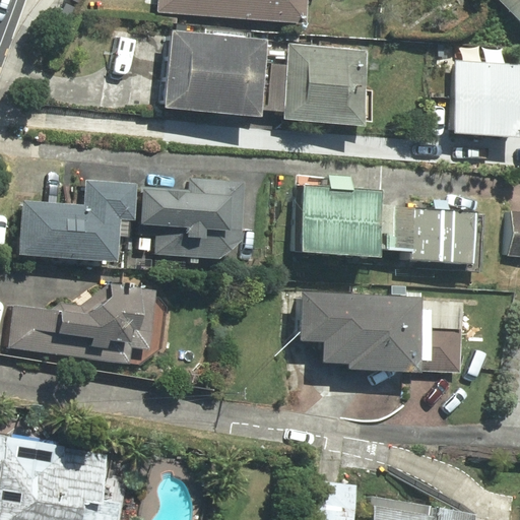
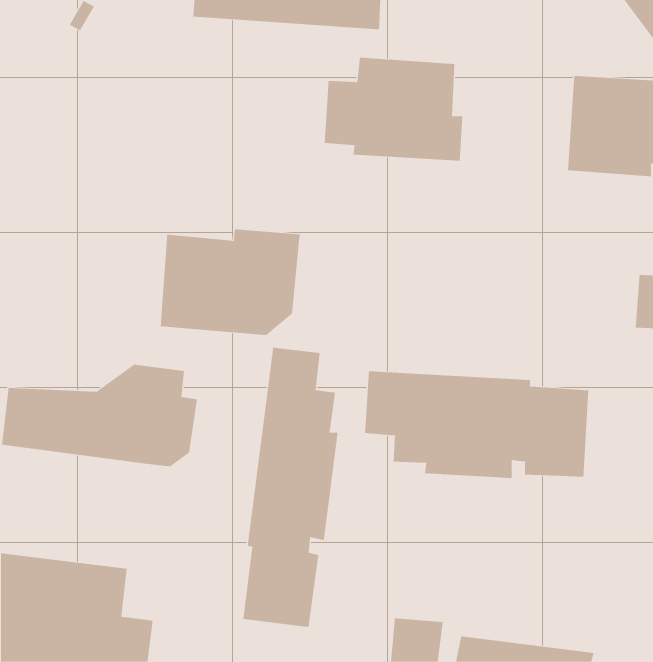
building: [161,32,259,120] -> none
building: [297,173,485,273] -> none
building: [19,182,136,266] -> none
building: none -> [243,347,338,628]

